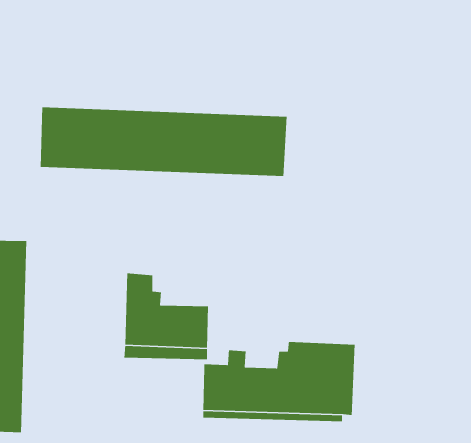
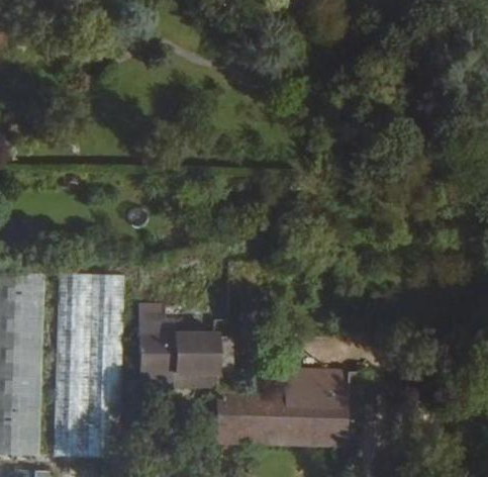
building: [40,107,288,177] -> none
building: none -> [52,273,122,457]

